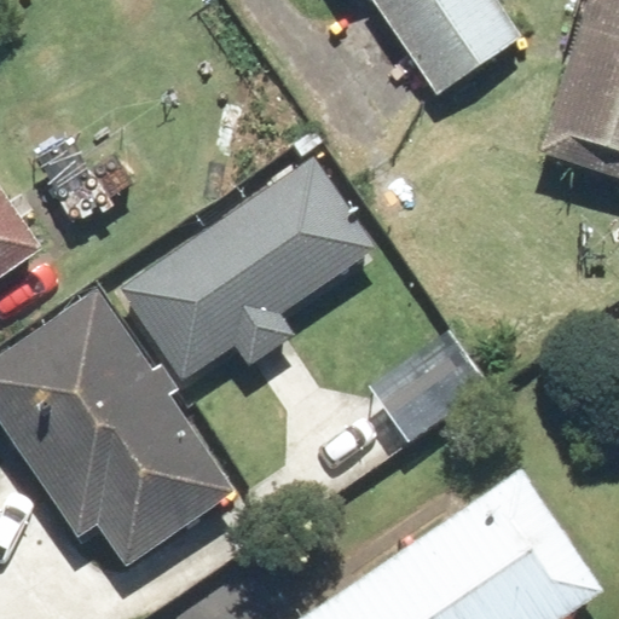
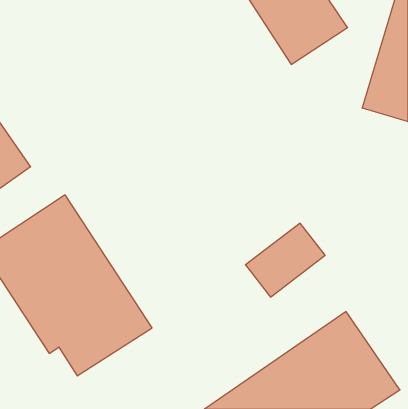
building: [116,161,372,380] -> none

